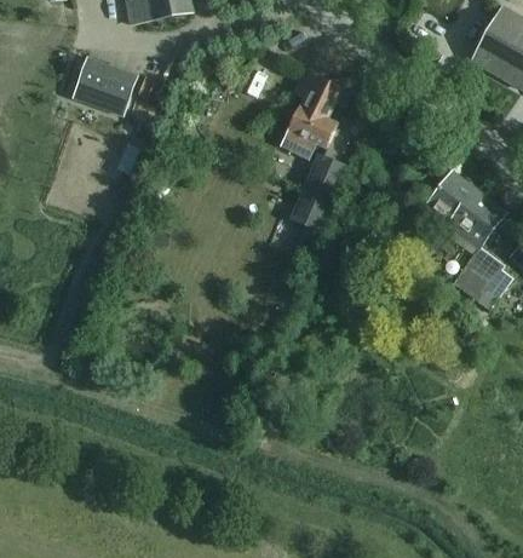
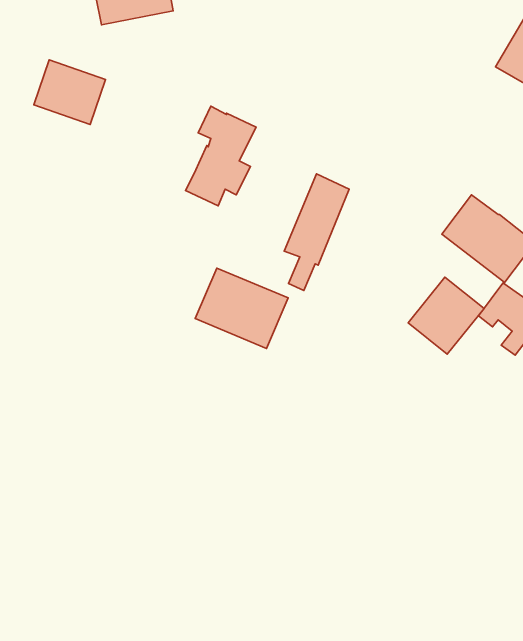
building: [281,69,341,155] -> [186,106,256,206]
building: none -> [195,268,288,348]
building: none -> [408,277,484,354]

